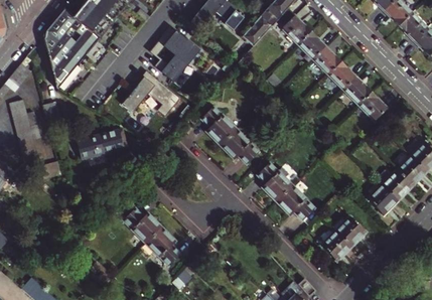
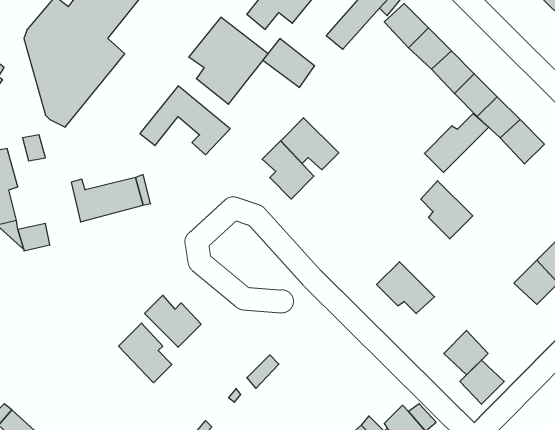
building: none -> [263,38,315,88]
building: none -> [424,114,489,172]
building: [221,129,259,163] -> [281,118,339,170]
building: [258,162,292,200] -> [421,181,473,239]
building: [336,216,366,246] -> [460,360,504,404]
building: [146,227,181,266] -> [119,323,172,383]

